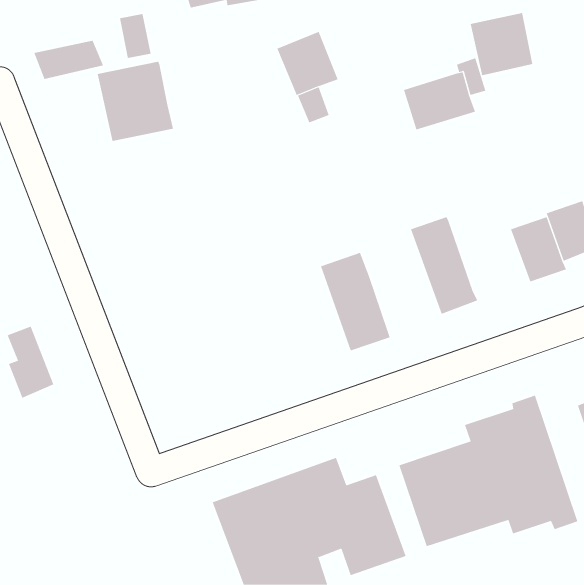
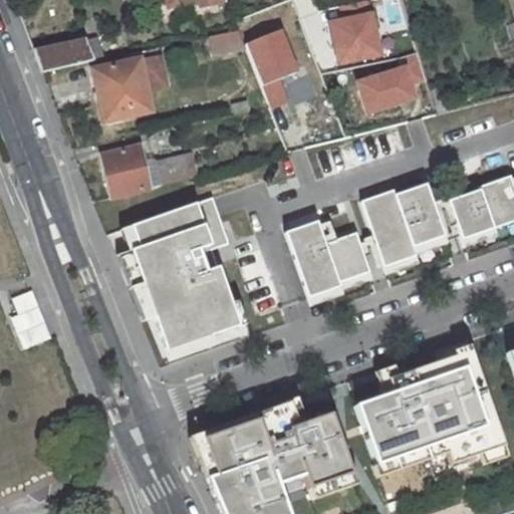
building: [470,12,533,76] -> [328,9,383,64]
building: [119,13,151,58] -> [144,52,172,91]
building: none -> [106,137,204,195]
building: none -> [396,182,449,254]
building: none -> [120,196,245,364]
building: none -> [326,231,373,288]

